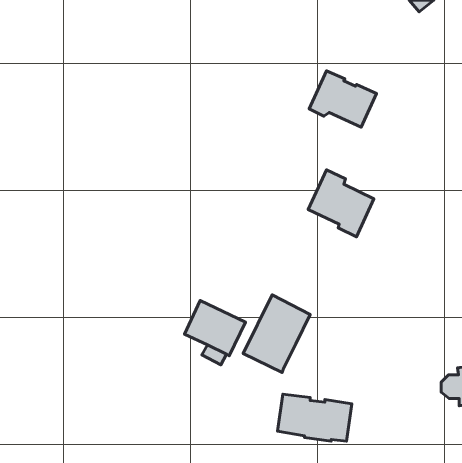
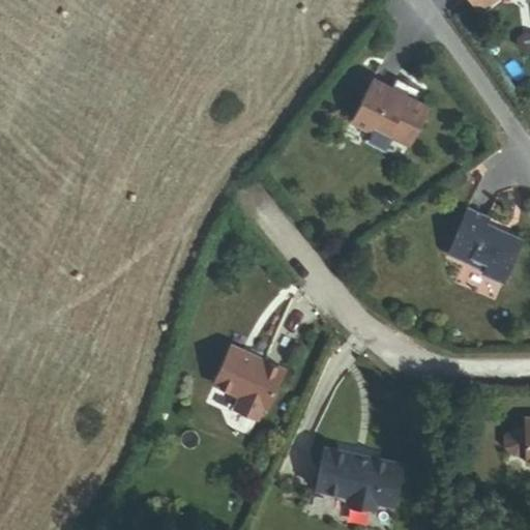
building: [308,170,374,237] -> [445,209,520,286]
building: [243,295,310,372] -> none

